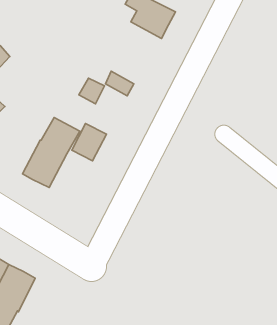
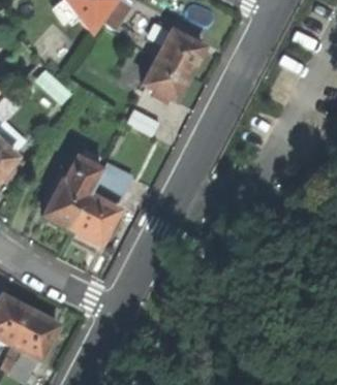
building: none -> [144,56,189,100]
building: none -> [71,194,118,244]

